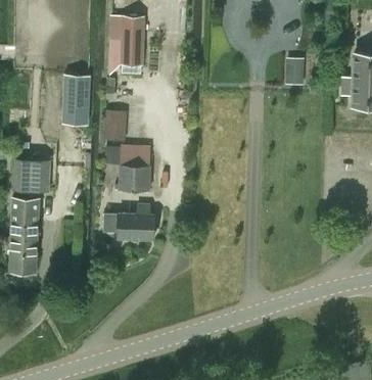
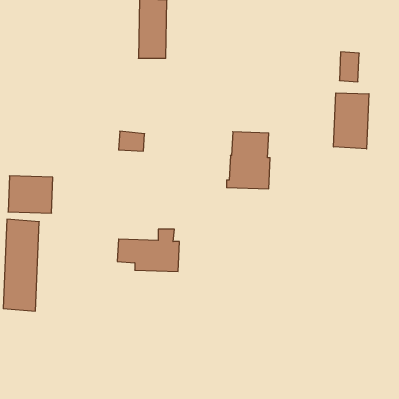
building: [61,75,90,125] -> none
building: none -> [334,93,369,149]
building: [115,145,151,192] -> [227,132,270,189]

